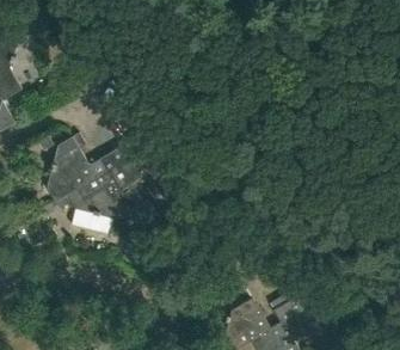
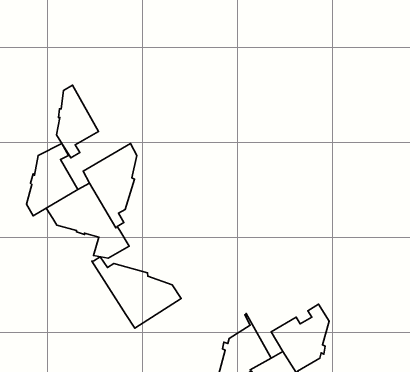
building: none -> [57,85,98,158]
building: none -> [92,257,181,328]

